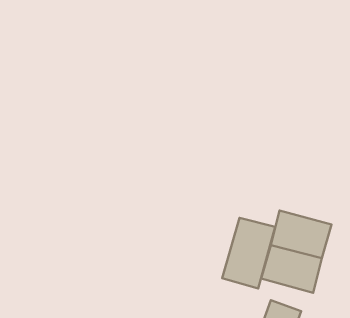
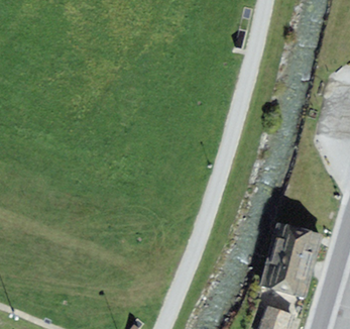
building: [222,218,275,289] -> none

